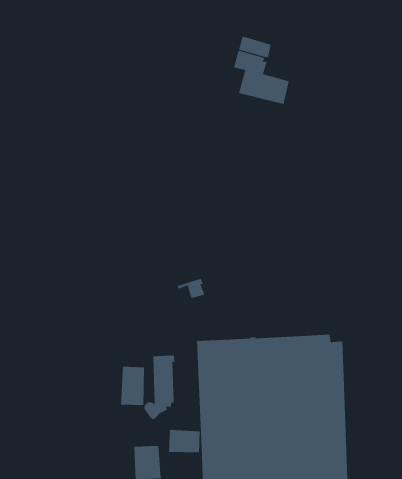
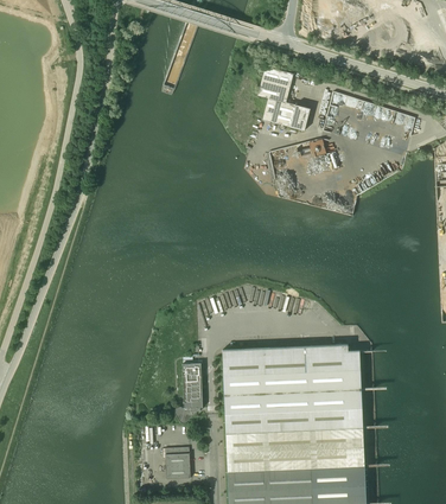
building: [120,366,145,406] -> none
building: [169,429,200,453] -> none

